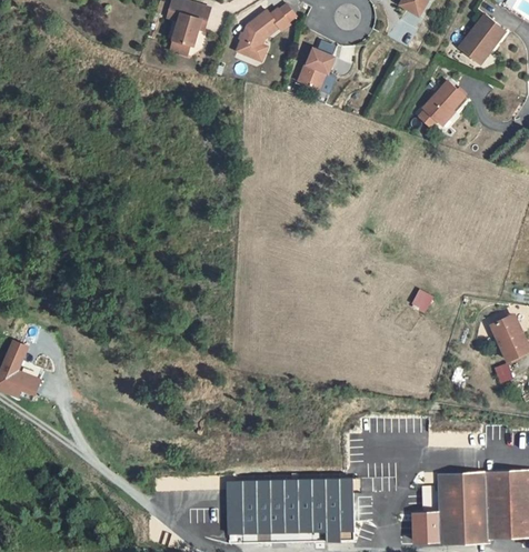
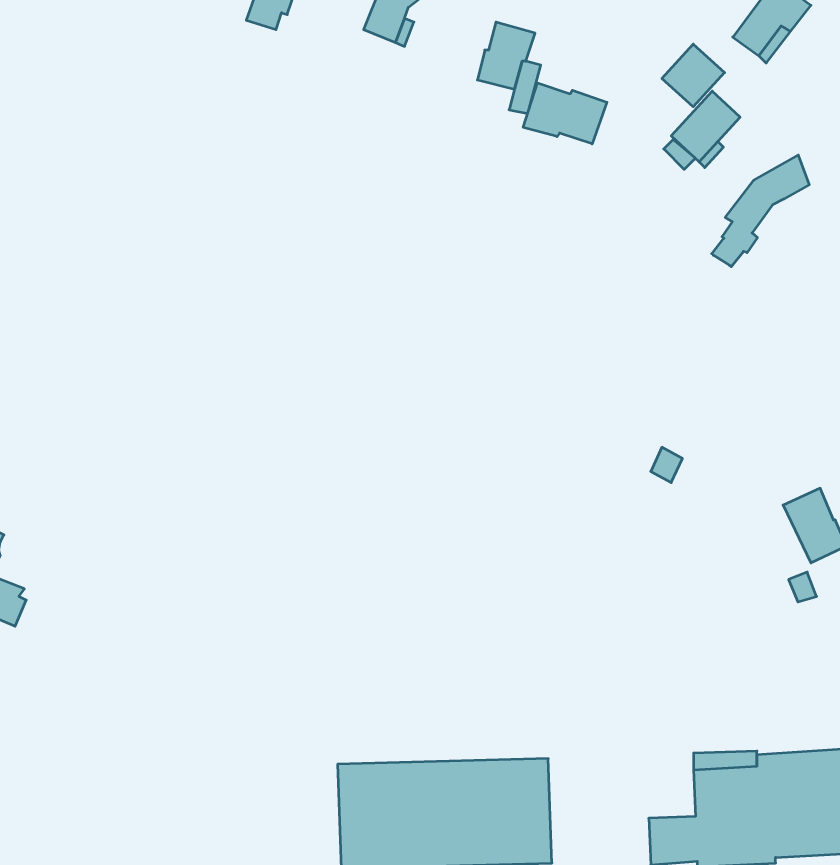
building: none -> [662,44,725,107]
building: none -> [523,83,607,144]
building: none -> [712,155,809,267]

